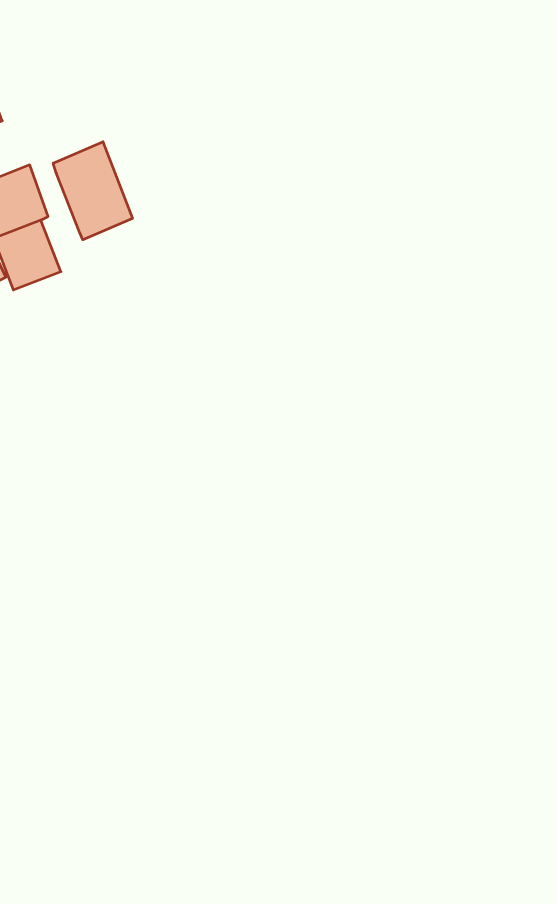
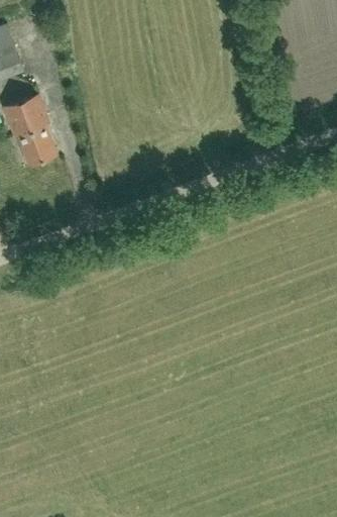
building: [53,142,132,240] -> none

